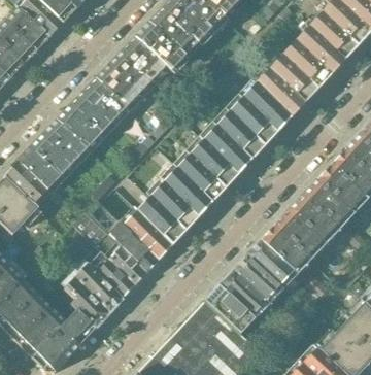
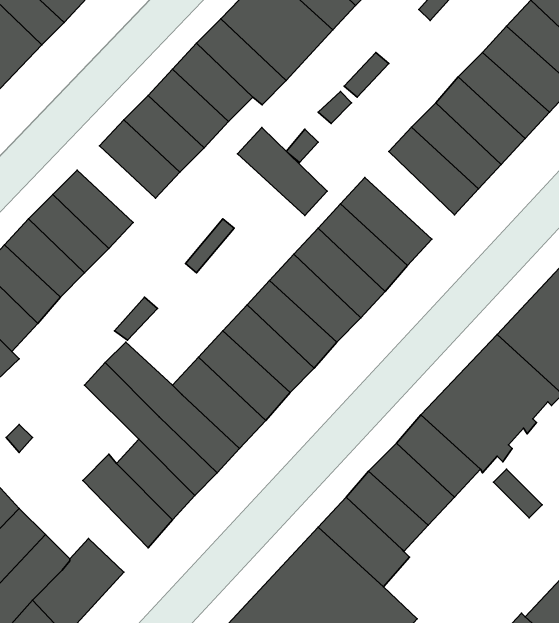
building: [70,93,113,135] -> none
building: [229,96,278,144] -> [238,128,327,216]
building: [64,277,109,328] -> none

